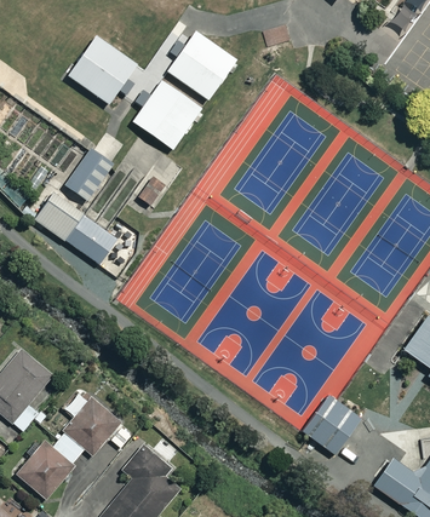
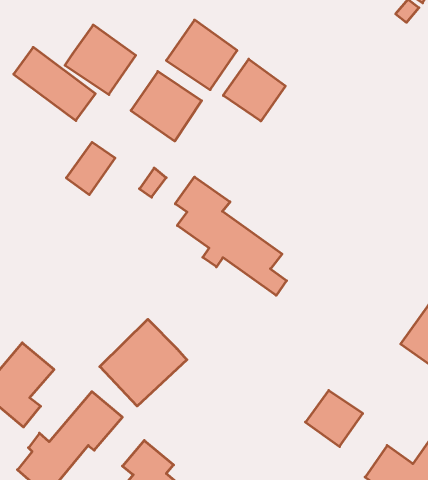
building: none -> [223,59,285,121]
building: none -> [175,177,287,295]
building: [33,193,114,265] -> [14,47,95,121]
building: none -> [100,319,187,406]

